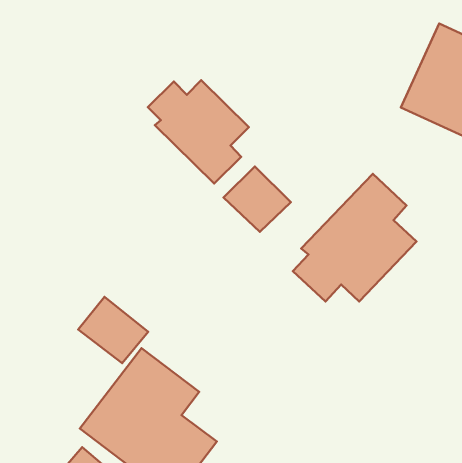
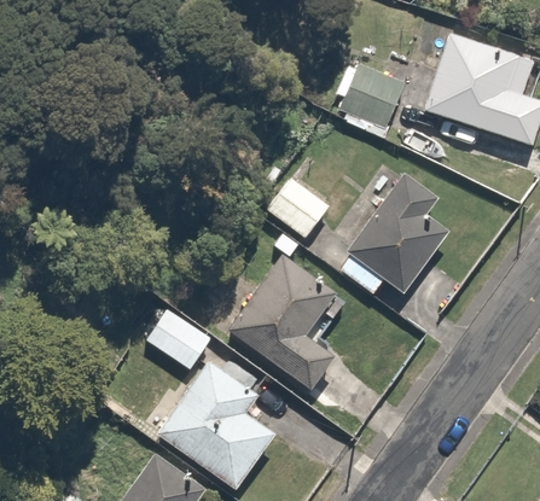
building: none -> [341,59,416,130]
building: [148,80,249,183] -> none
building: none -> [227,252,342,388]

